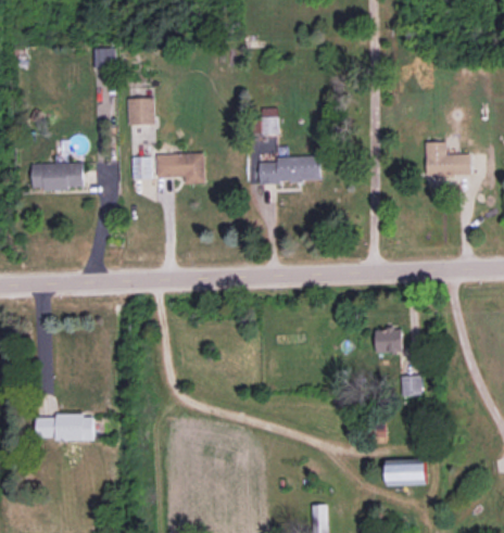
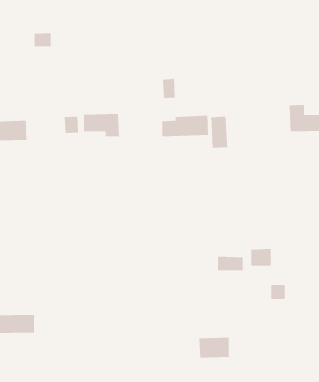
building: [127,98,154,125] -> none
building: none -> [211,116,228,149]
building: none -> [217,256,243,271]
building: [386,458,426,485] -> [199,337,229,358]

